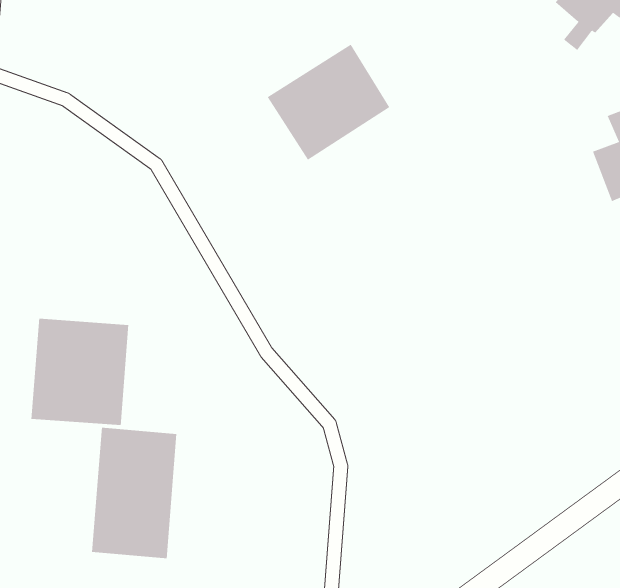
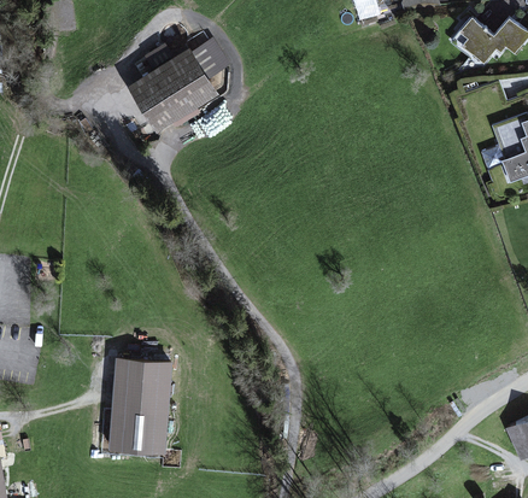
building: [267,44,390,161] -> [128,47,219,134]
building: [31,318,129,426] -> none

